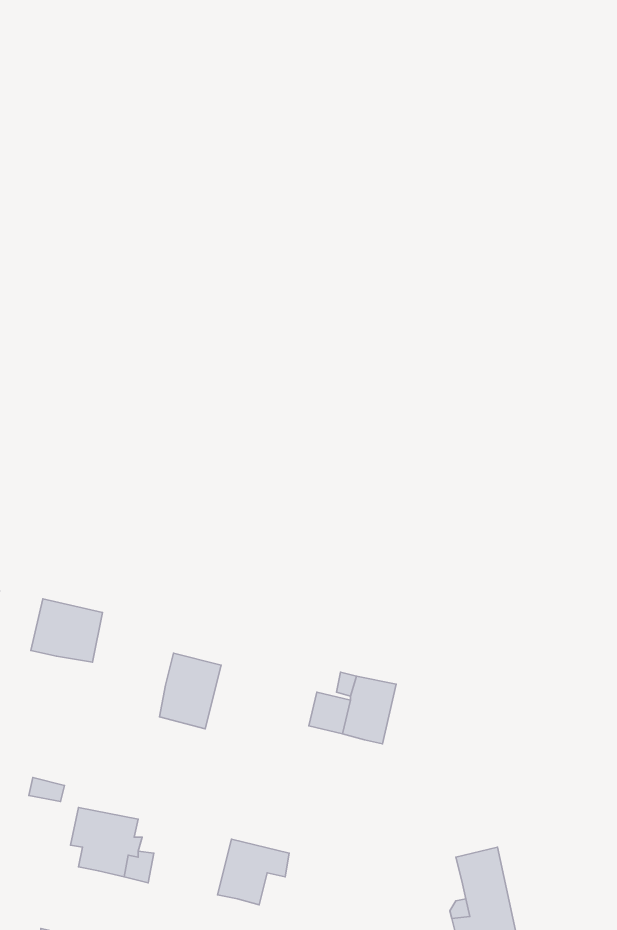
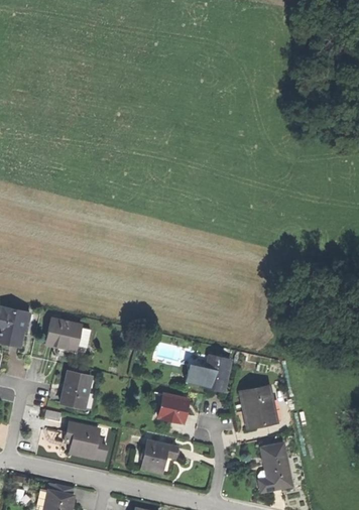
building: [160,653,221,729] -> [62,370,93,408]
building: none -> [241,385,276,426]
building: none -> [157,394,187,423]

